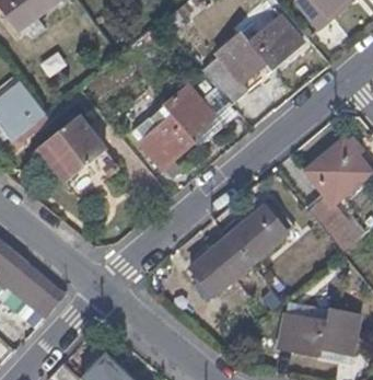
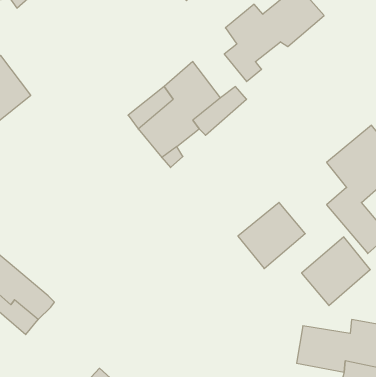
building: [35,113,104,181] -> none
building: [189,235,249,296] -> [302,237,370,306]

